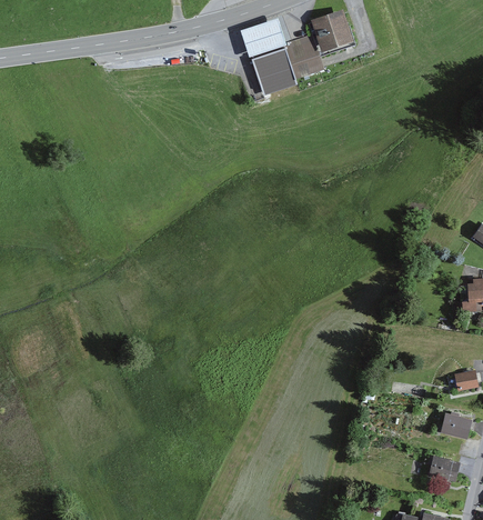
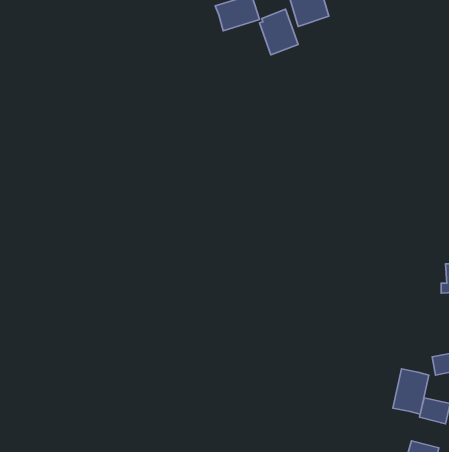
building: [251,47,296,94] -> none
building: none -> [393,369,429,414]

